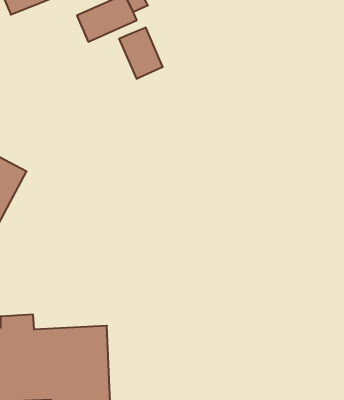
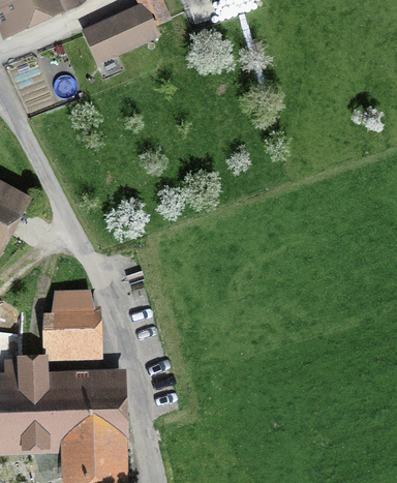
building: [119,27,163,79] -> none
building: none -> [40,289,96,360]

